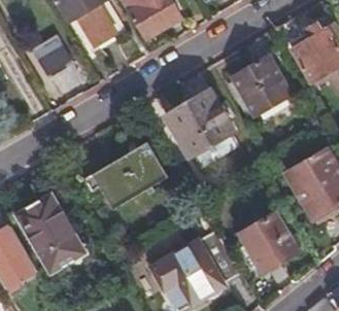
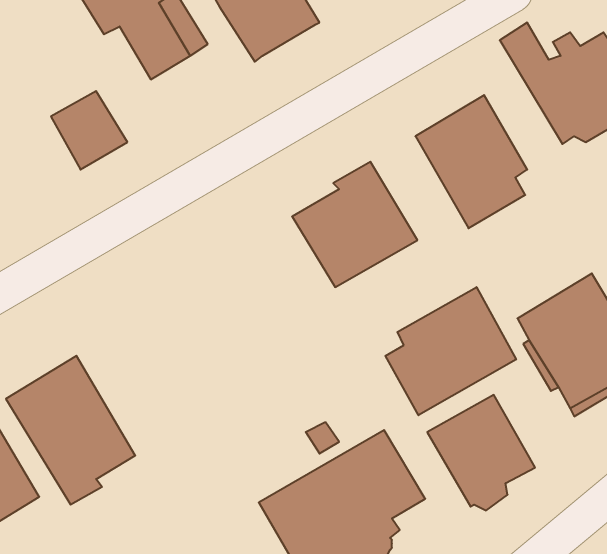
building: [98,140,169,206] -> none
building: none -> [385,287,516,415]

